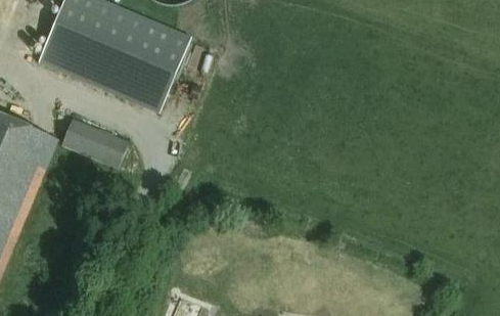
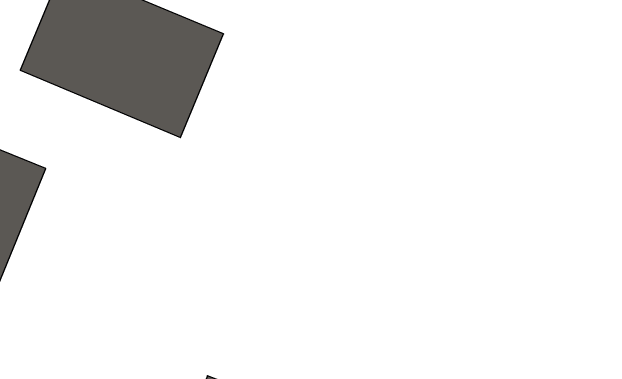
building: [59,118,127,168] -> none

